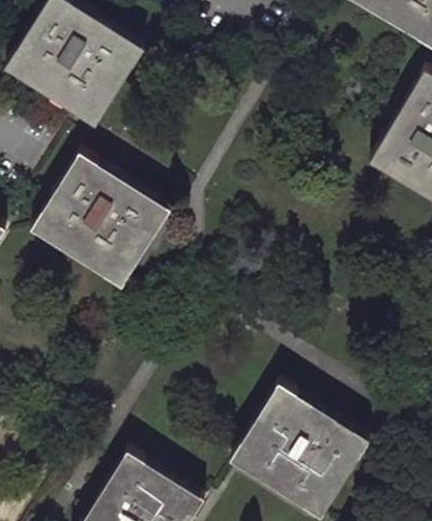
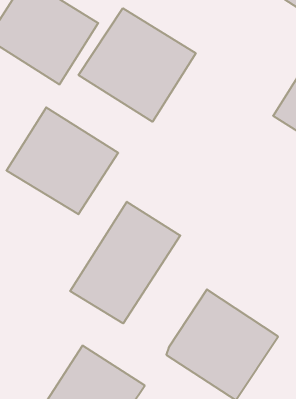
building: none -> [79,8,196,122]
building: none -> [70,202,180,323]

